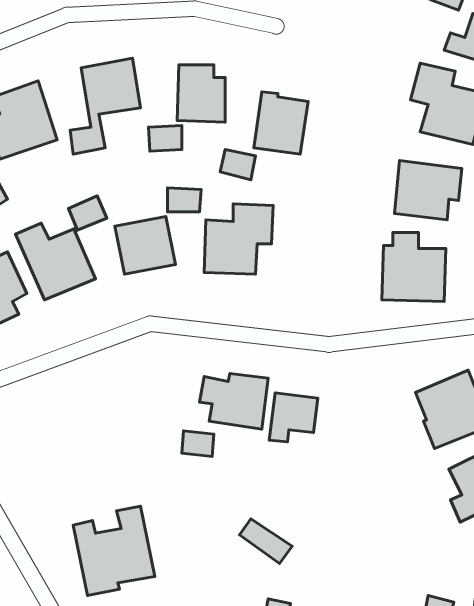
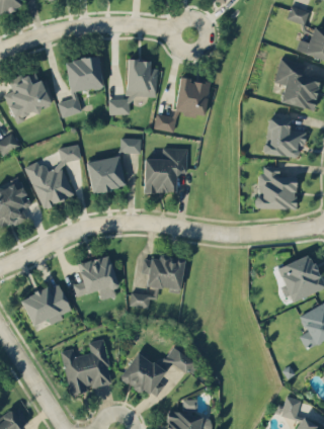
building: none -> [74,255,119,299]
building: [269,393,318,442] -> none
building: none -> [21,282,72,326]
building: none -> [119,351,166,397]

